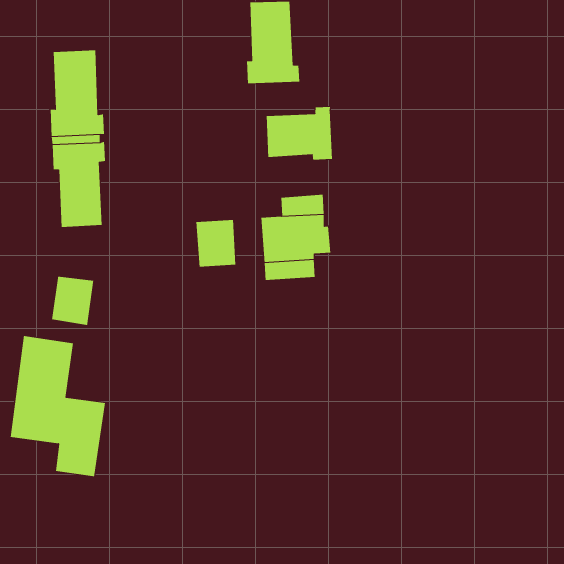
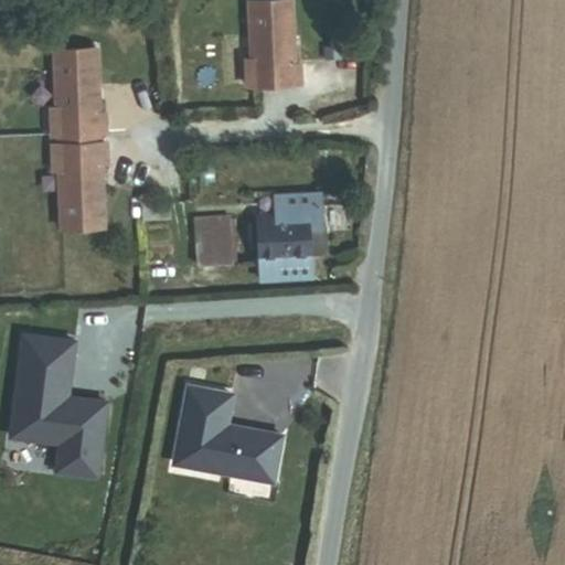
building: [266,106,332,161] -> none
building: [51,276,94,326] -> none
building: none -> [172,385,281,481]

